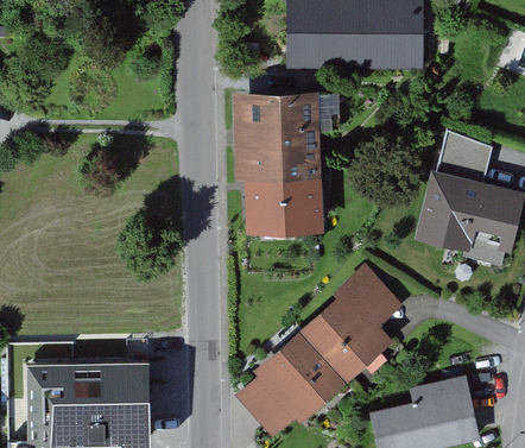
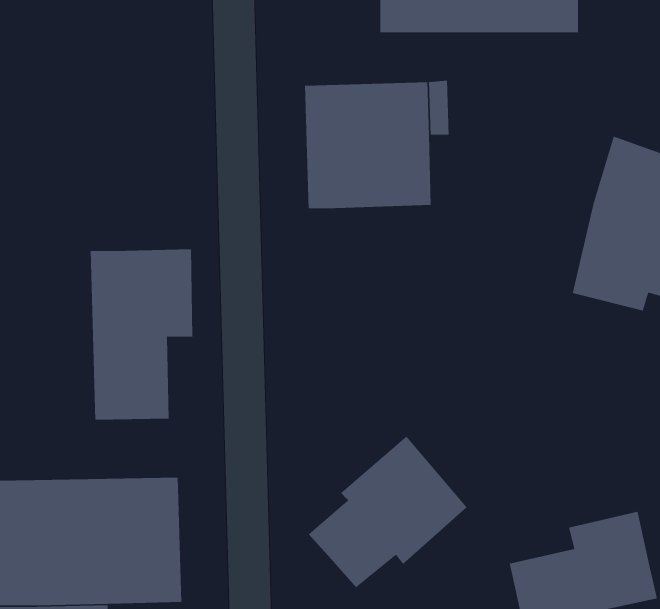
building: [253,178,324,232] -> none
building: none -> [90,249,193,421]
building: [306,271,397,378] -> none

